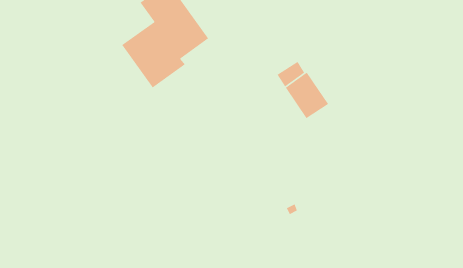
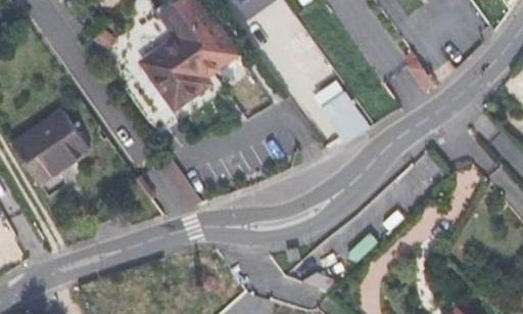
building: none -> [11,110,90,185]

